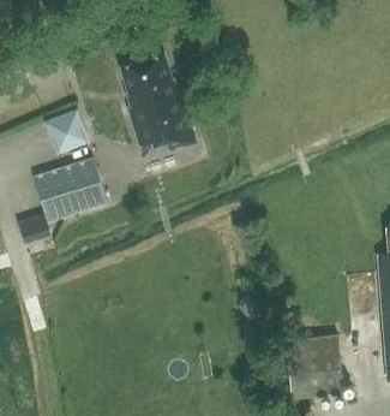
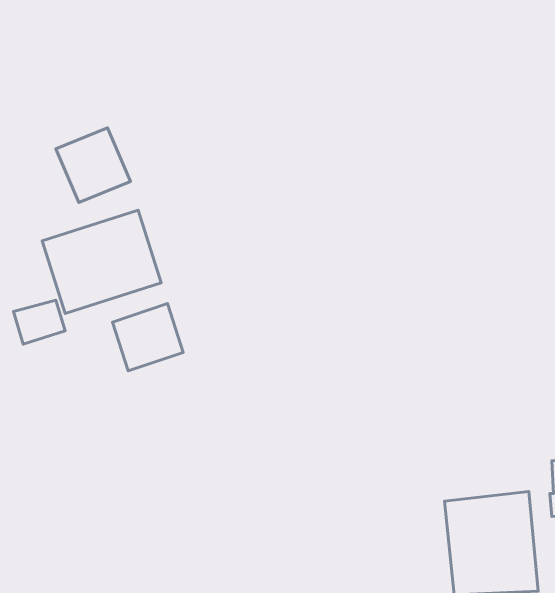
building: [121,55,196,150] -> none
building: none -> [112,304,183,371]

